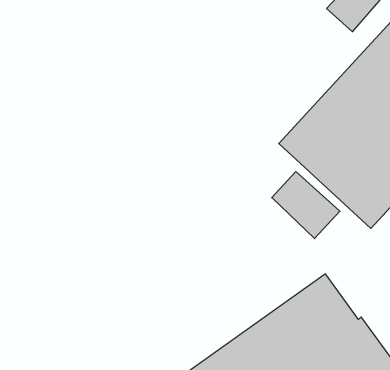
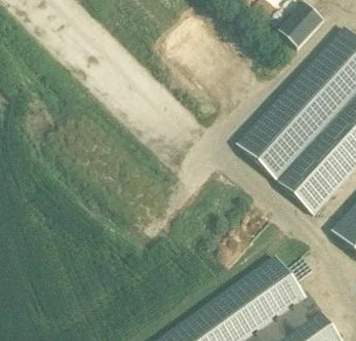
building: [272,172,340,239] -> none

